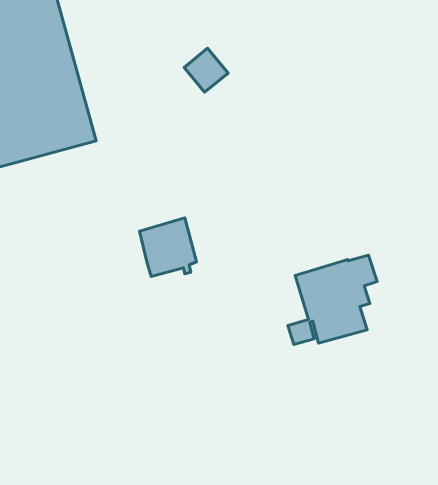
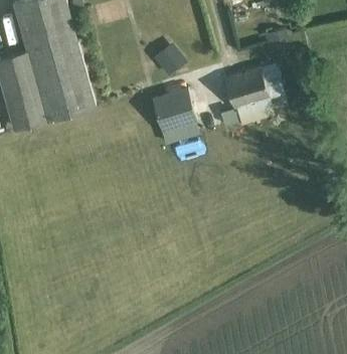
building: [139,218,197,277] -> [155,93,194,133]
building: [288,255,377,345] -> [219,65,281,127]

